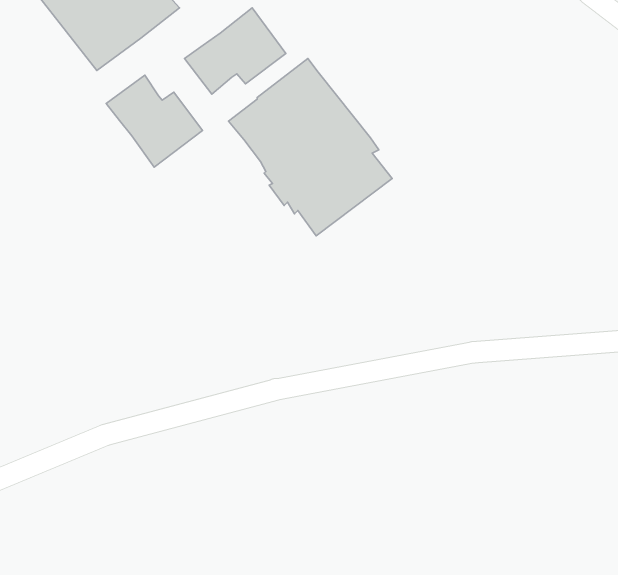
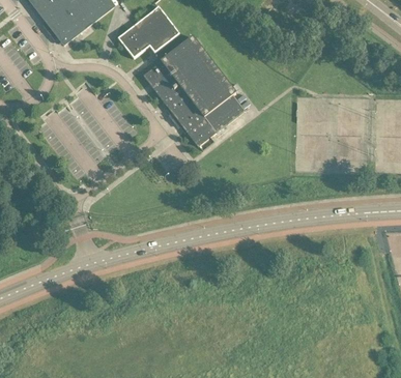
building: [106,75,203,167] -> none

